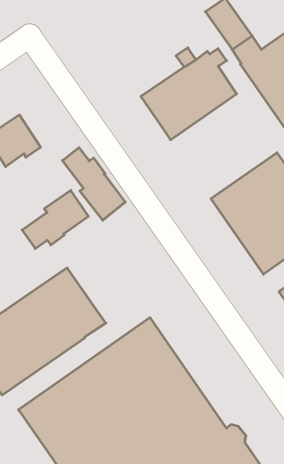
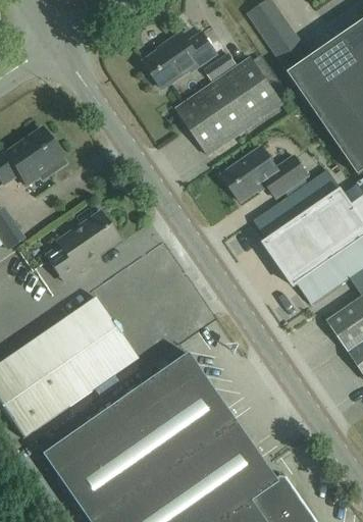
building: none -> [144,32,217,89]
building: none -> [222,146,308,202]
building: [62,148,125,220] -> none

